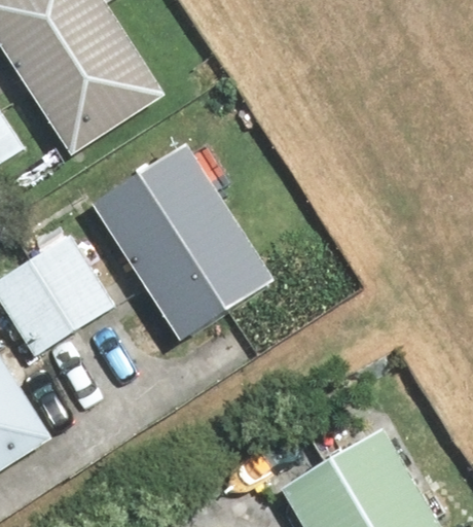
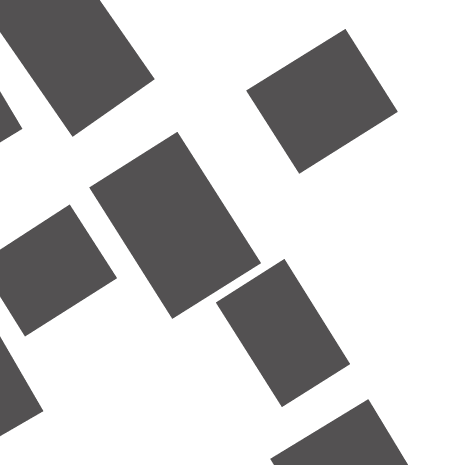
building: none -> [245,28,399,175]
building: none -> [215,258,351,408]

